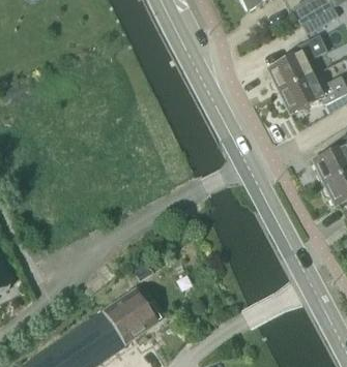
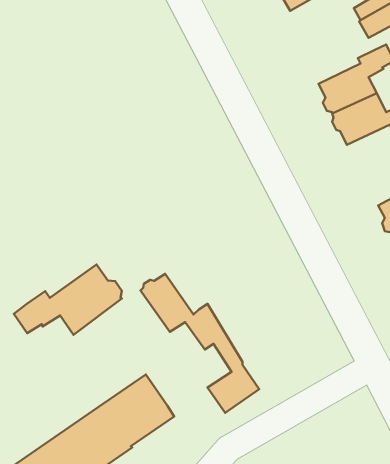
building: none -> [14,264,122,335]
building: none -> [141,274,259,413]

